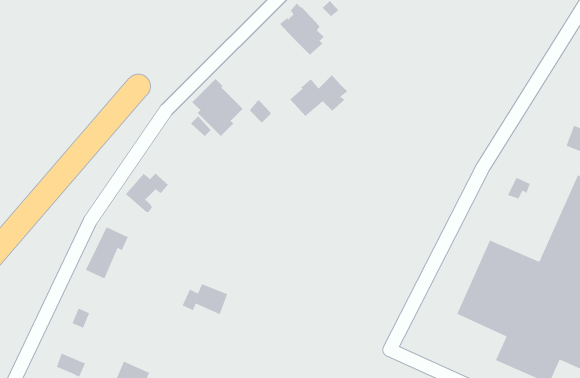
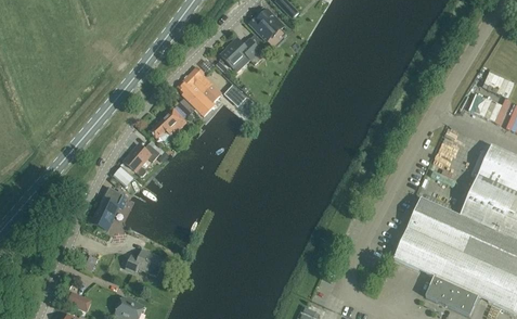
building: [290,74,348,117] -> [220,33,268,67]
building: none -> [150,107,186,139]
building: [182,283,228,315] -> [126,250,164,276]

